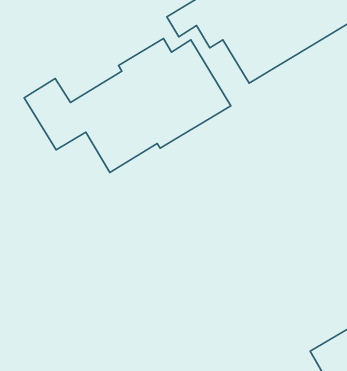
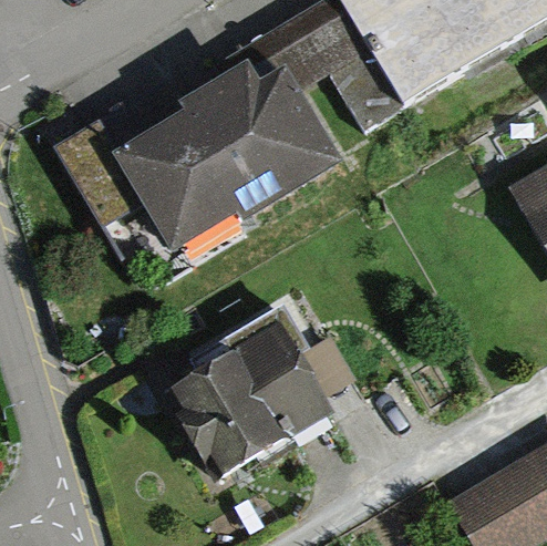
building: none -> [164,327,329,482]

